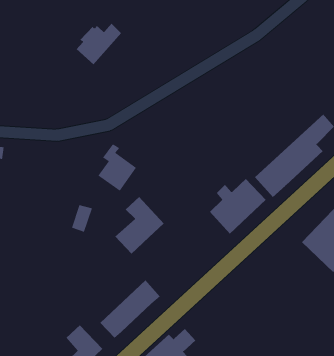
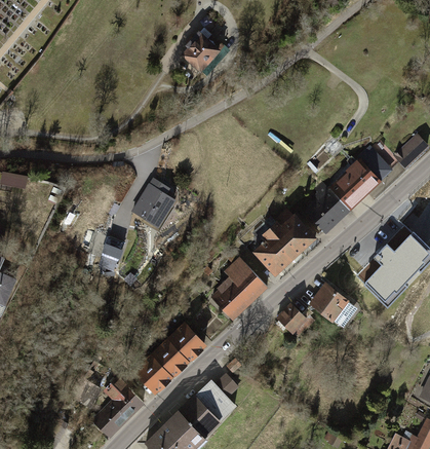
building: [76,23,122,65] -> [183,29,233,75]
building: [115,196,164,254] -> [212,255,267,319]
building: none -> [313,286,355,325]
building: none -> [279,306,307,333]

